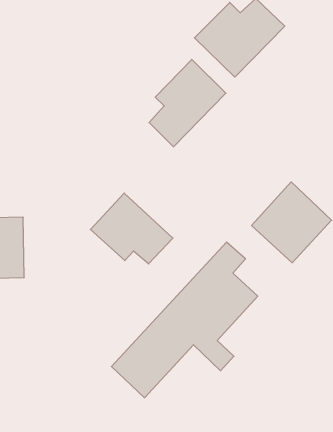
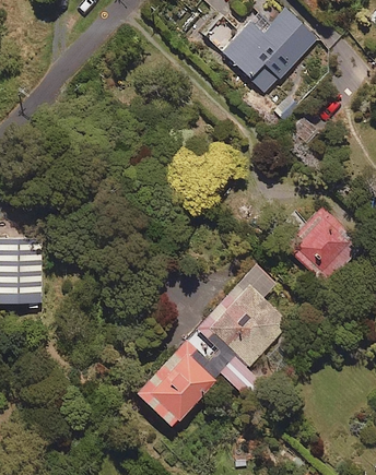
building: [149,59,226,147] -> none
building: [90,193,173,264] -> none

